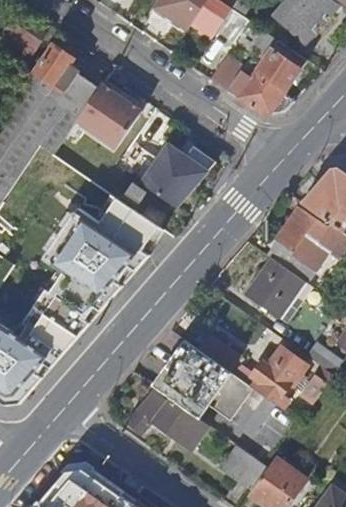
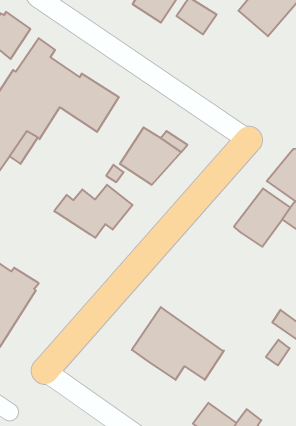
building: [209,29,306,112] -> none
building: [48,235,108,293] -> none
building: [248,257,304,314] -> none
building: [252,347,307,407] -> none
building: [128,390,213,449] -> none

